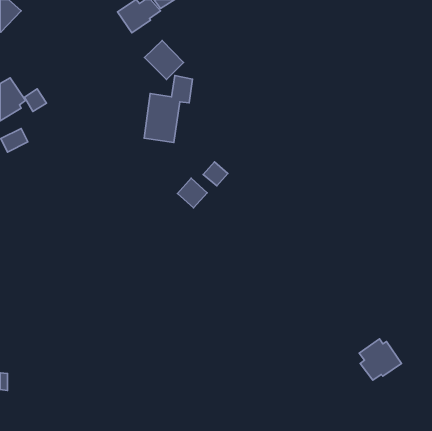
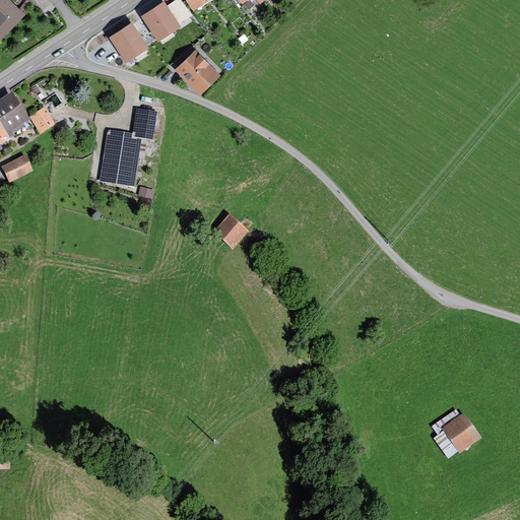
building: none -> [109,20,149,61]
building: [144,76,192,142] -> [100,108,157,188]
building: [203,162,228,186] -> none

